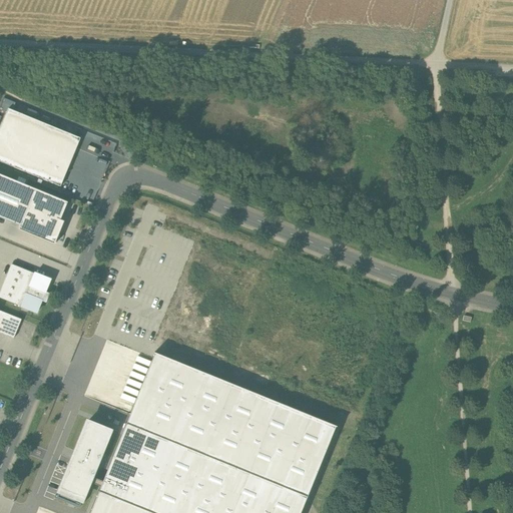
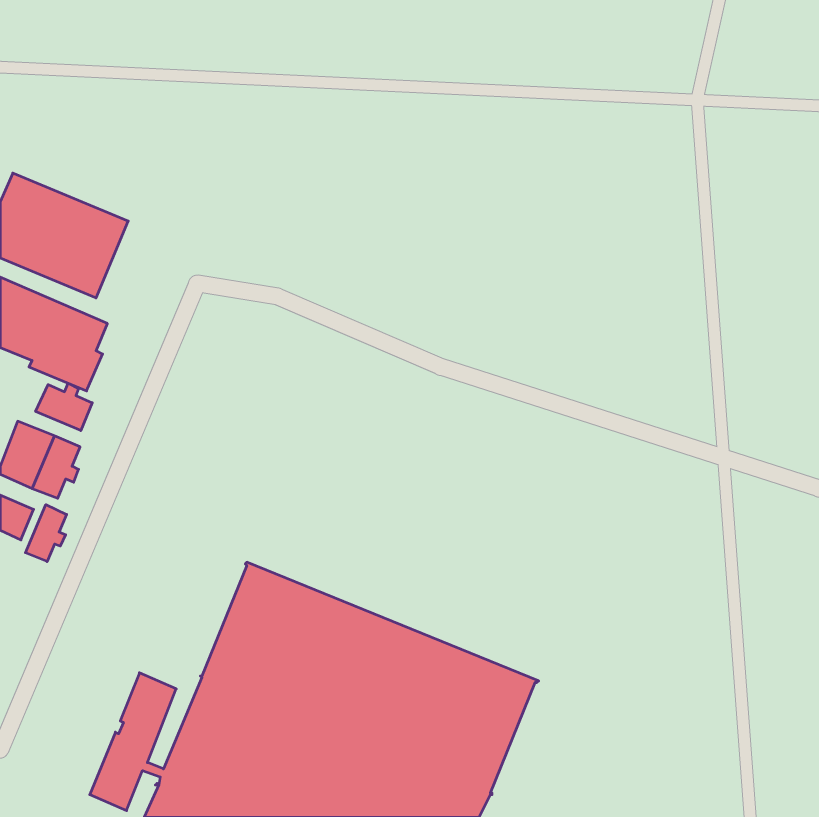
building: none -> [36,383,92,431]
building: none -> [25,505,67,562]

